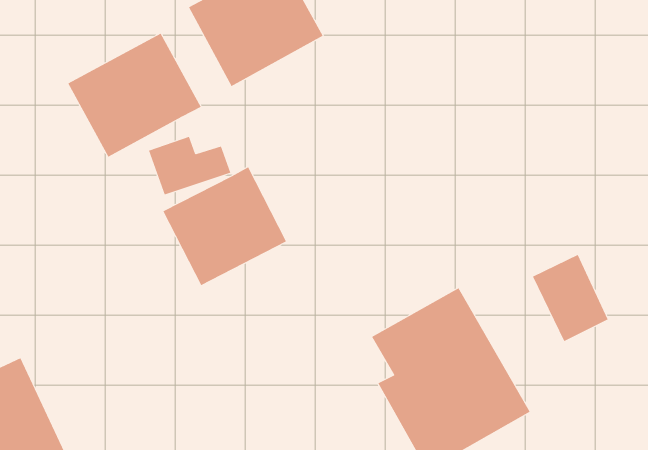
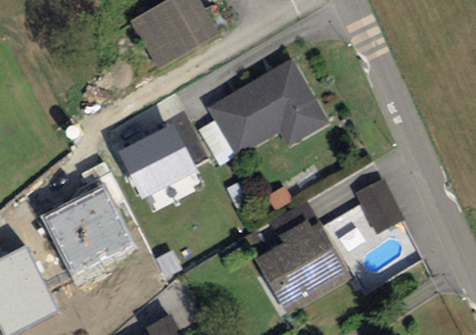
building: [68,33,201,157] -> none
building: none -> [206,60,325,156]
building: none -> [40,183,133,275]

